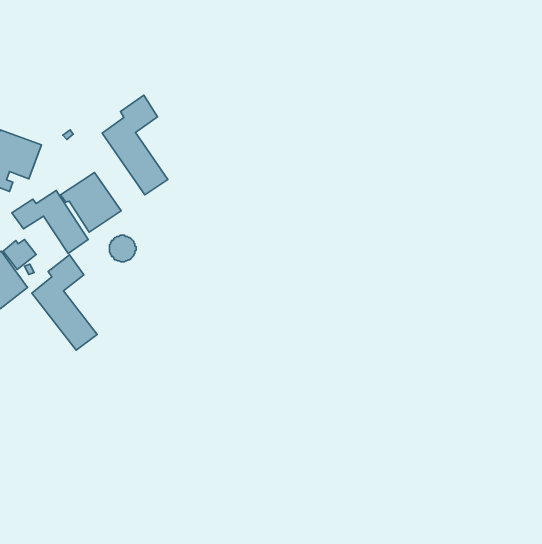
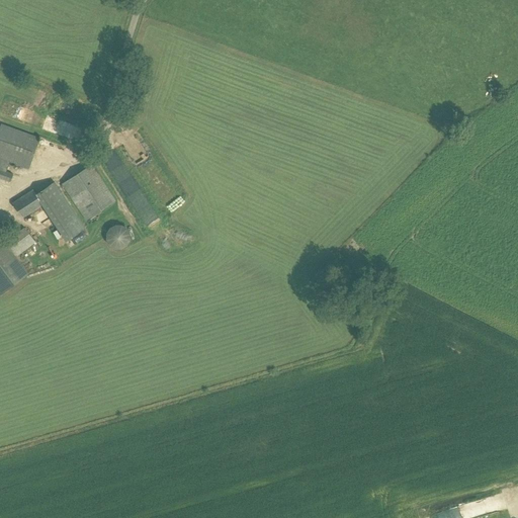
building: [102,95,168,195] -> none
building: [32,255,97,350] -> none

